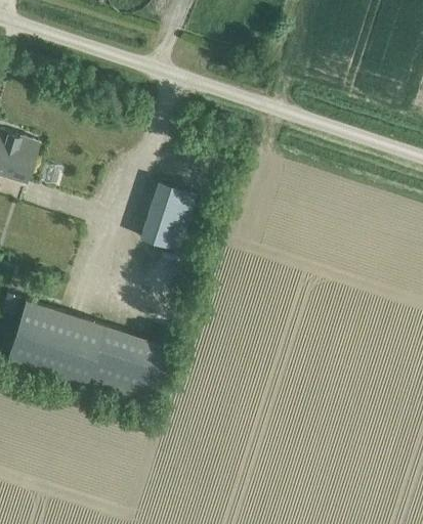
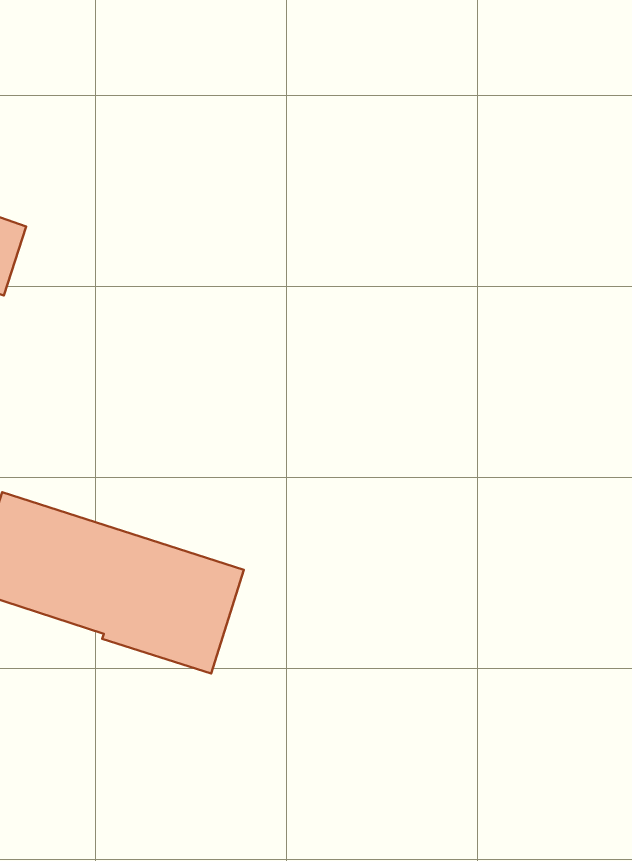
building: [140,182,197,252] -> none

